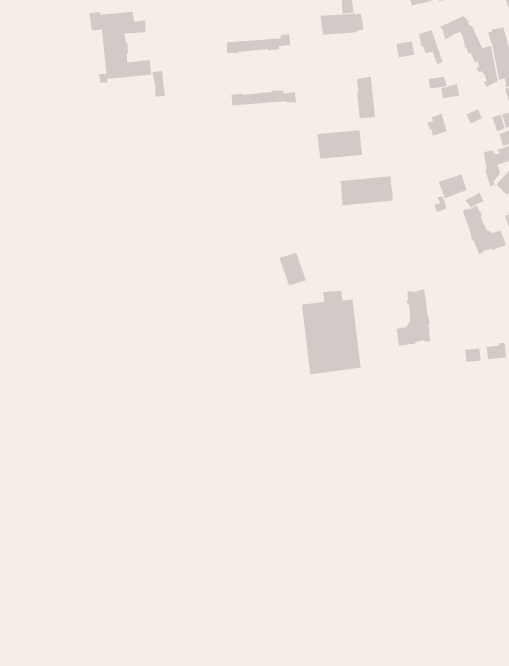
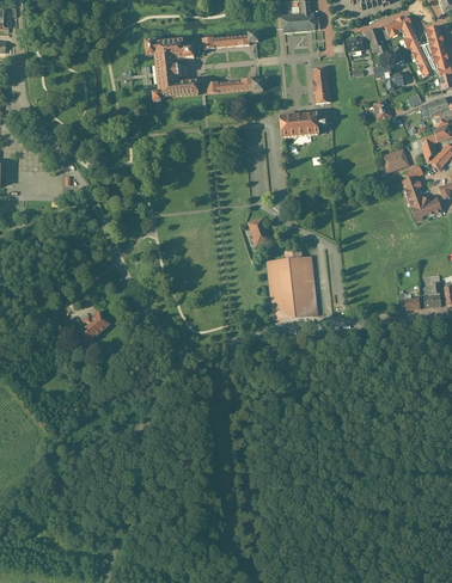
building: [88,11,152,83] -> [143,39,197,100]
building: [340,176,393,206] -> none
building: [396,288,431,346] -> none
building: none -> [75,308,108,340]

